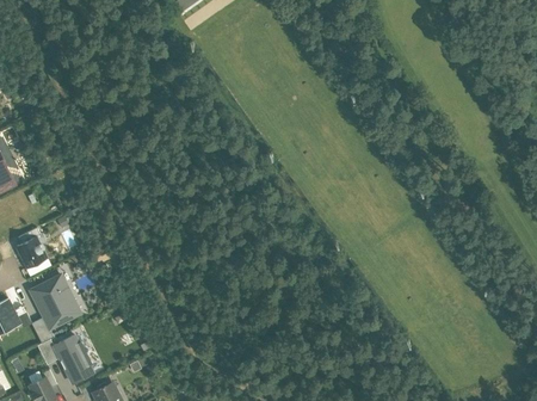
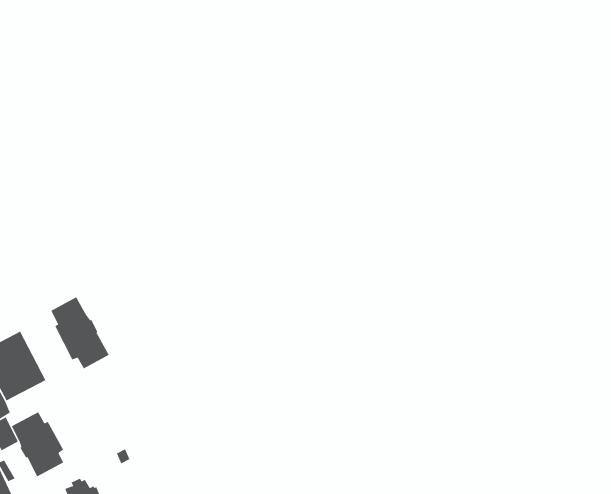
building: none -> [50,296,110,369]

